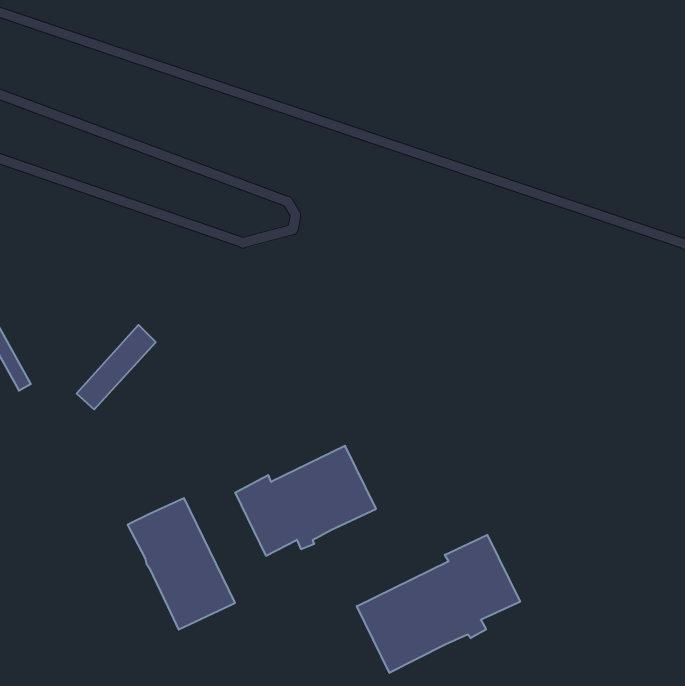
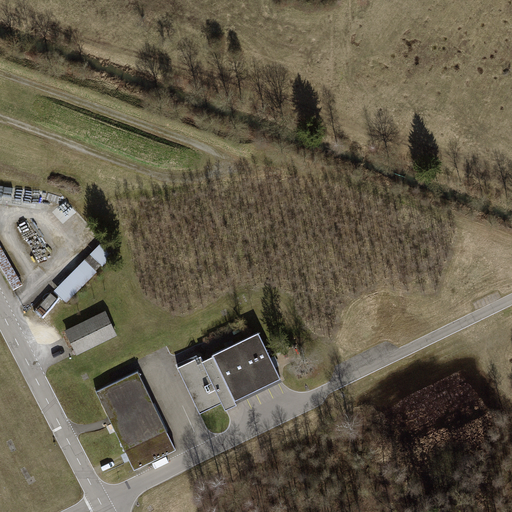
building: none -> [66,312,115,353]
building: [357,535,520,673] -> none

